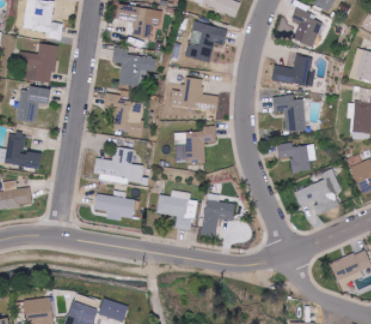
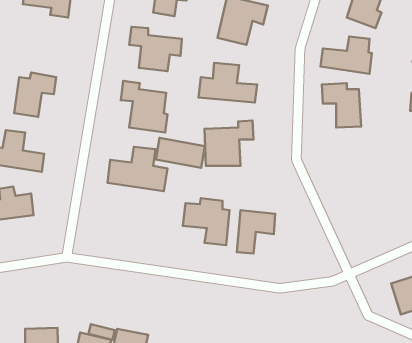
building: [18,43,58,83] -> none
building: [277,142,316,172] -> none
building: [294,168,341,213] -> none
building: [94,193,135,218] -> [156,138,205,168]

